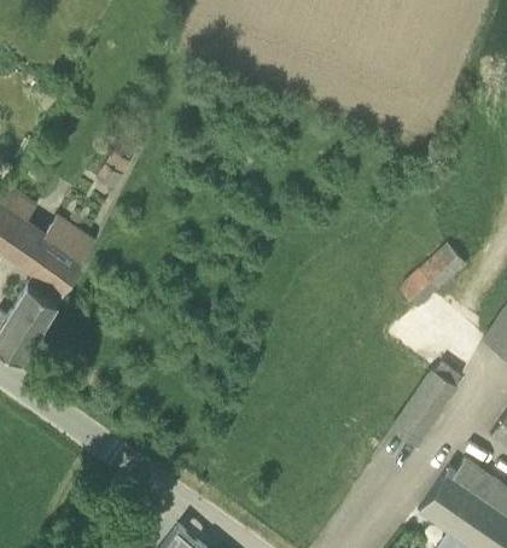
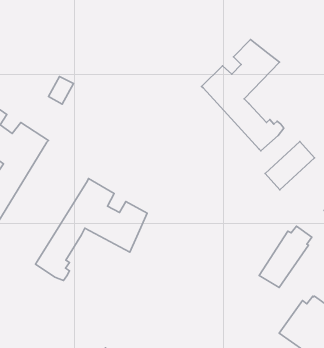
building: none -> [201,39,284,151]
building: none -> [35,179,147,280]

